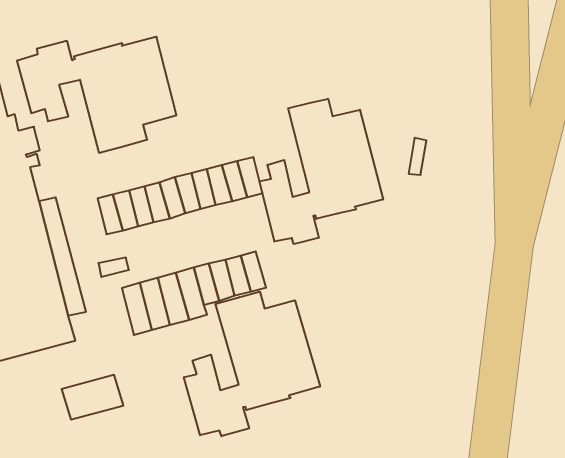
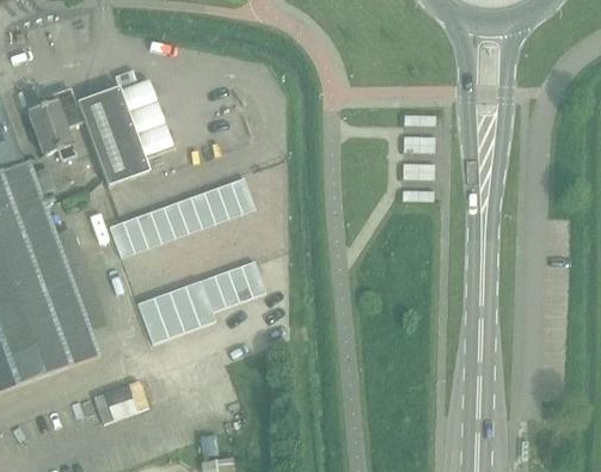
building: [260,99,383,244] -> none
building: [184,292,320,436] -> none

